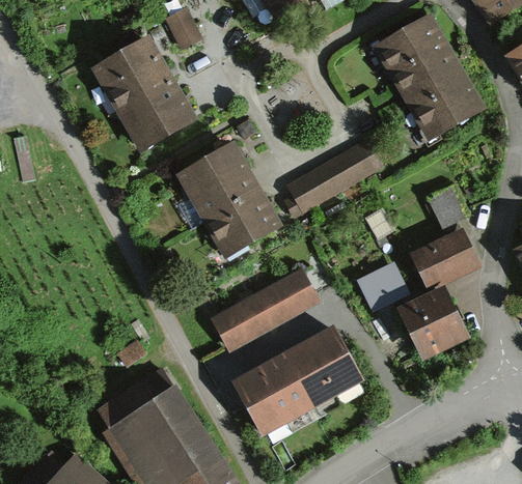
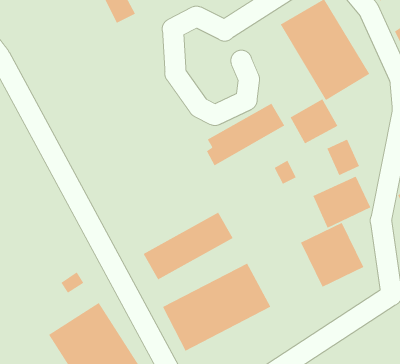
building: [93,35,197,150] -> none
building: none -> [290,99,338,144]
building: [177,142,281,257] -> none
building: [357,261,410,310] -> none

